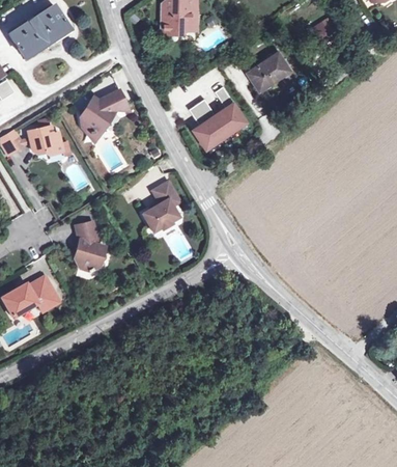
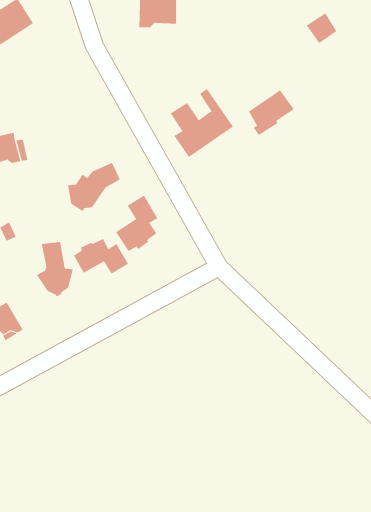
building: [249,52,290,93] -> [248,90,295,136]
building: [78,91,125,135] -> [67,162,121,211]
building: none -> [73,238,129,275]

